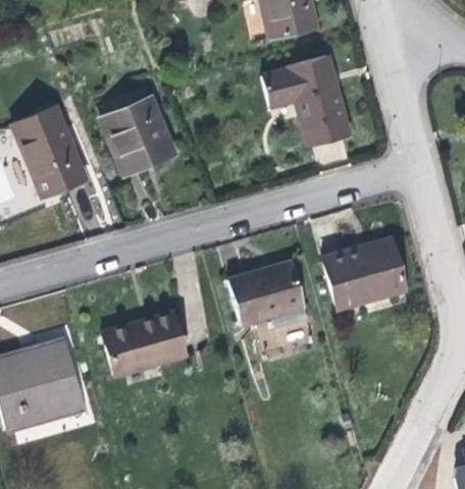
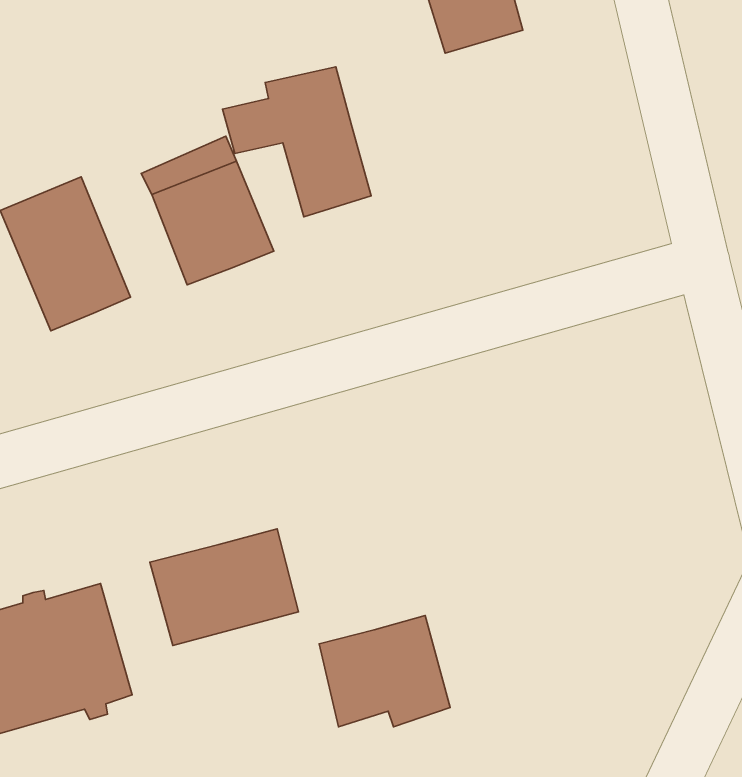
building: [259,56,345,143] -> [223,67,371,217]
building: [323,246,408,316] -> none
building: [230,265,306,329] -> [319,616,450,727]

